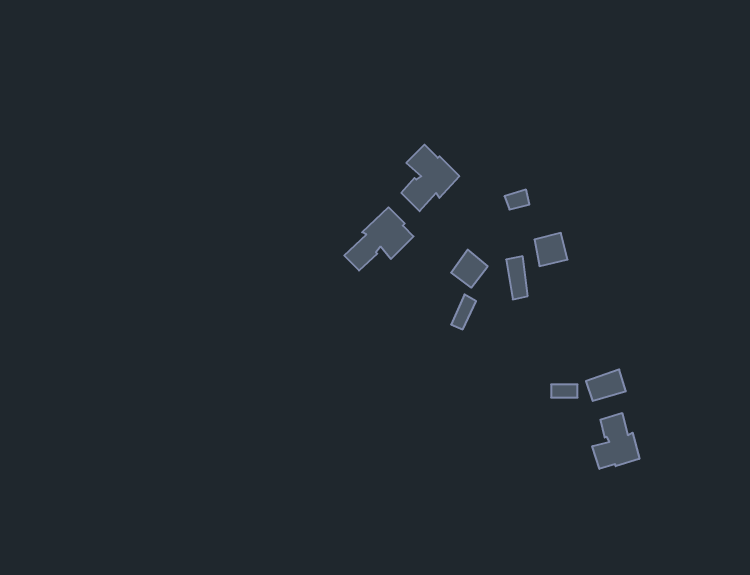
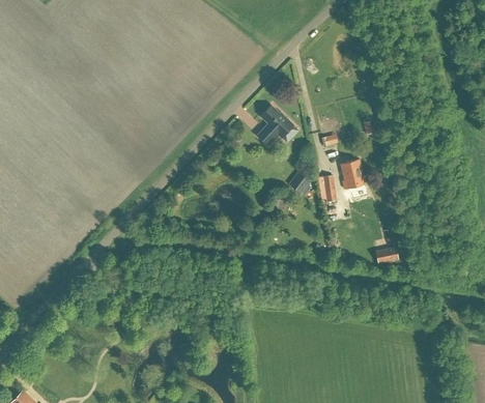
building: [344,207,414,271] -> none
building: [592,413,639,469] -> none

